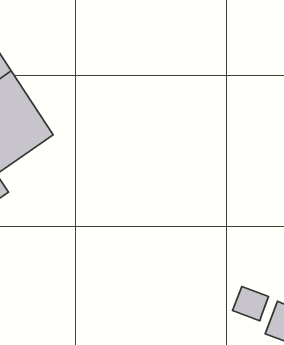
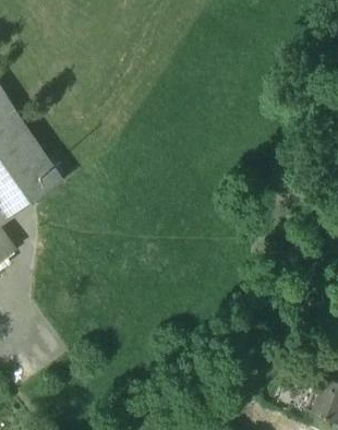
building: [232,286,268,321] -> none

